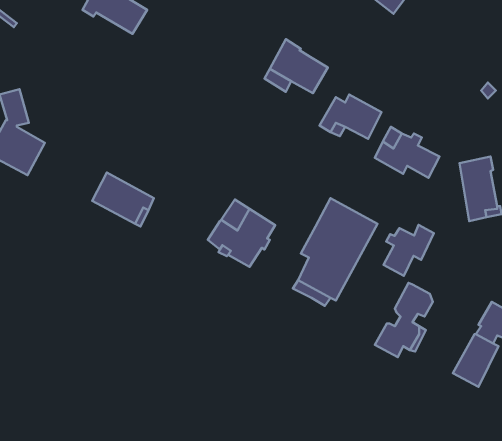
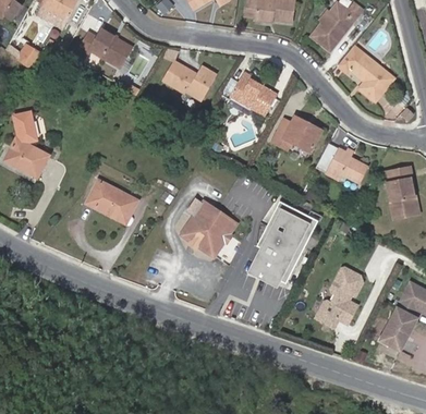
building: none -> [349,50,394,101]
building: none -> [163,60,216,99]
building: [383,225,434,276] -> none

